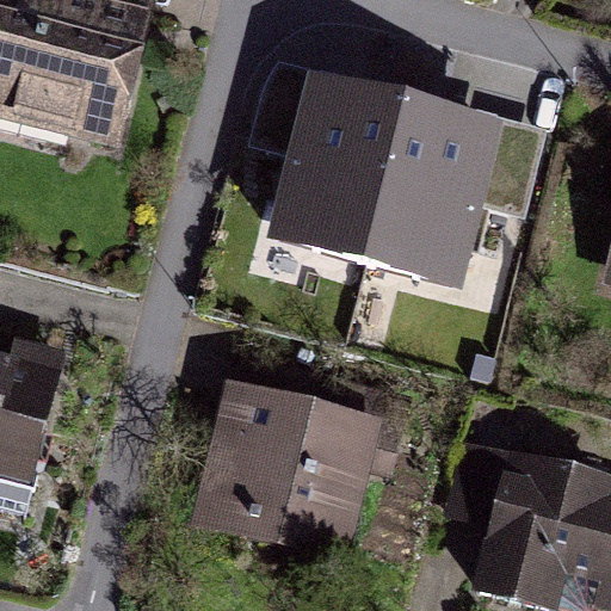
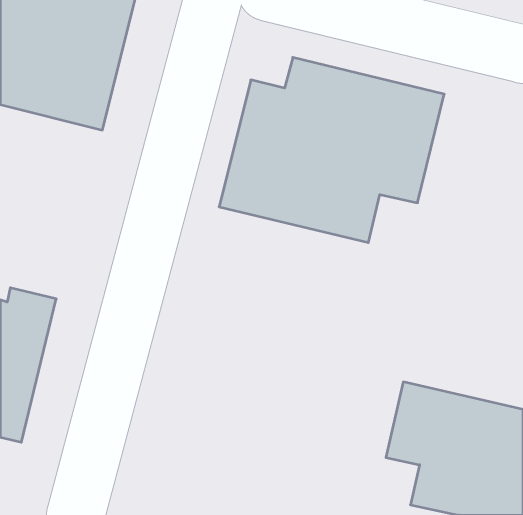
building: [189,377,384,563] -> none

